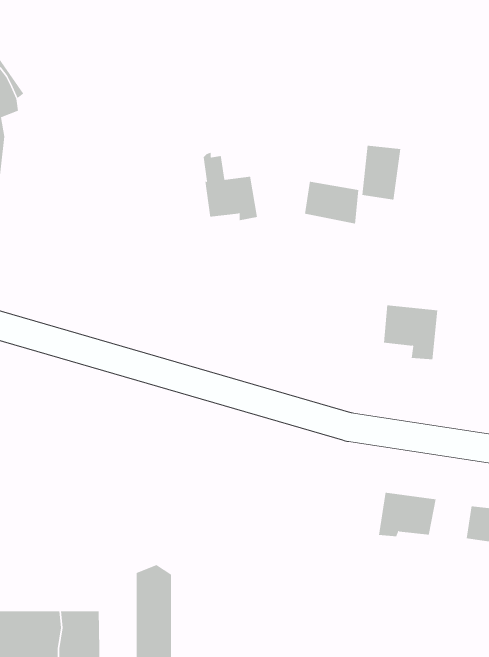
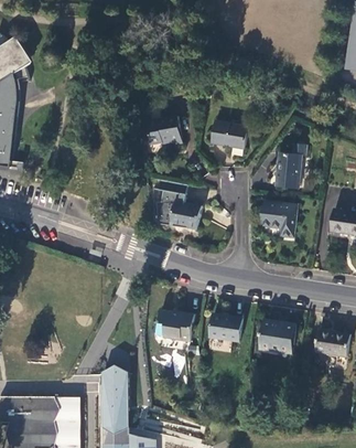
building: [362,145,401,200] -> [276,153,301,189]
building: none -> [155,180,199,230]
building: none -> [157,311,193,342]
building: none -> [208,313,241,341]

